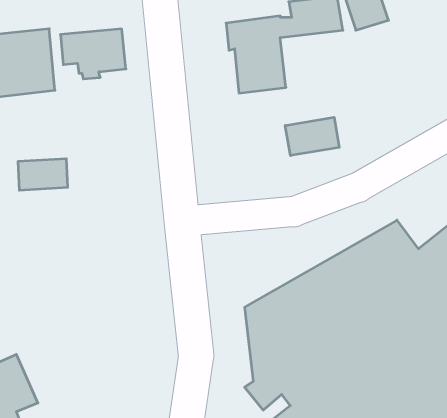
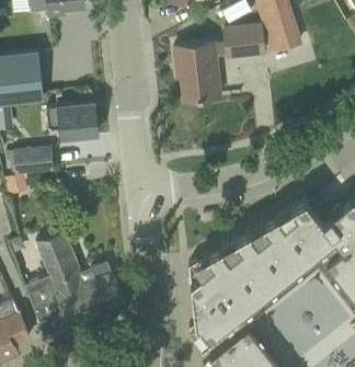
building: [60,29,126,79] -> [47,104,98,142]
building: [285,117,339,156] -> none
building: none -> [25,232,125,339]

